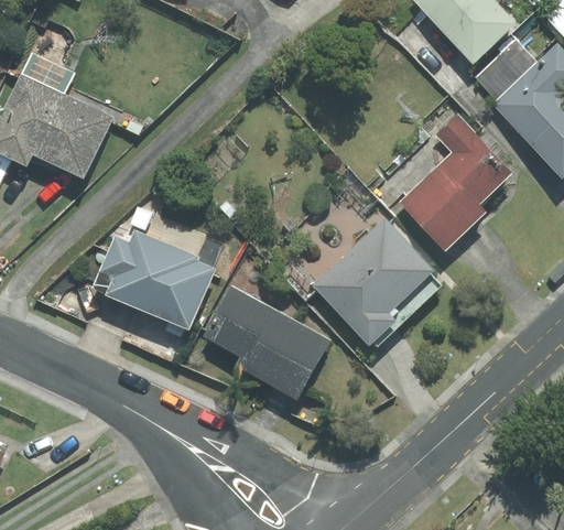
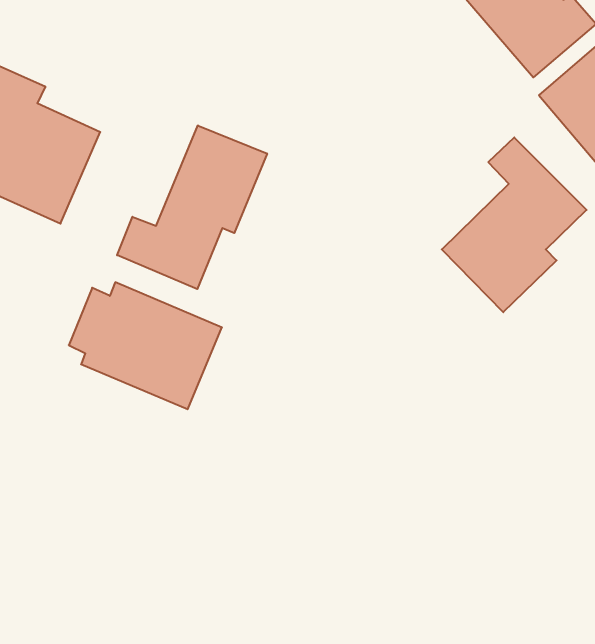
building: none -> [117,125,267,289]
building: [312,220,445,353] -> none
building: [199,284,329,401] -> none

